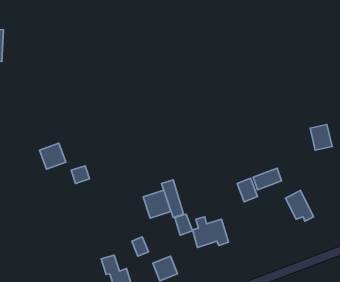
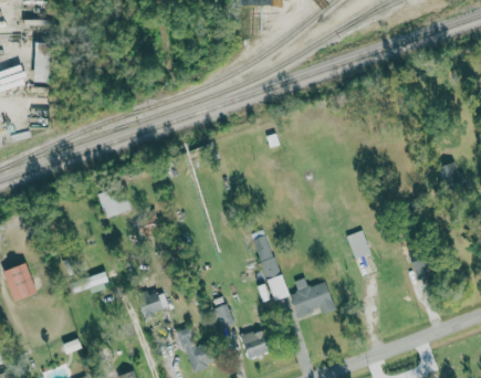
building: [253,168,282,190] -> none
building: [143,190,171,218] -> none
building: none -> [71,273,108,294]
building: none -> [139,293,168,315]

